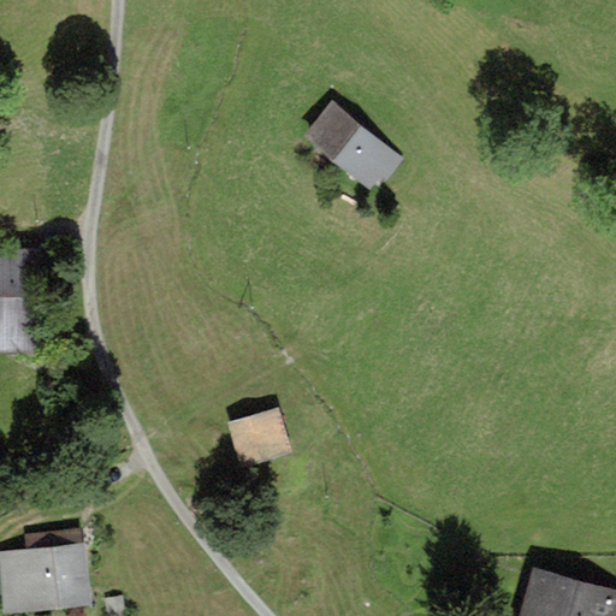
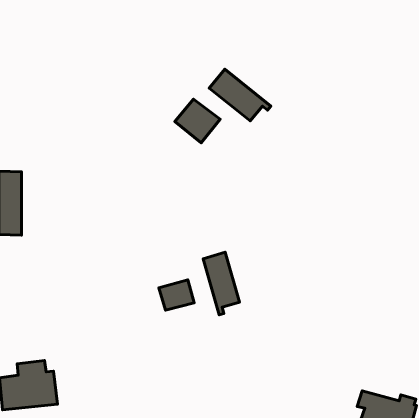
building: none -> [175,99,220,143]
building: none -> [203,252,239,315]

